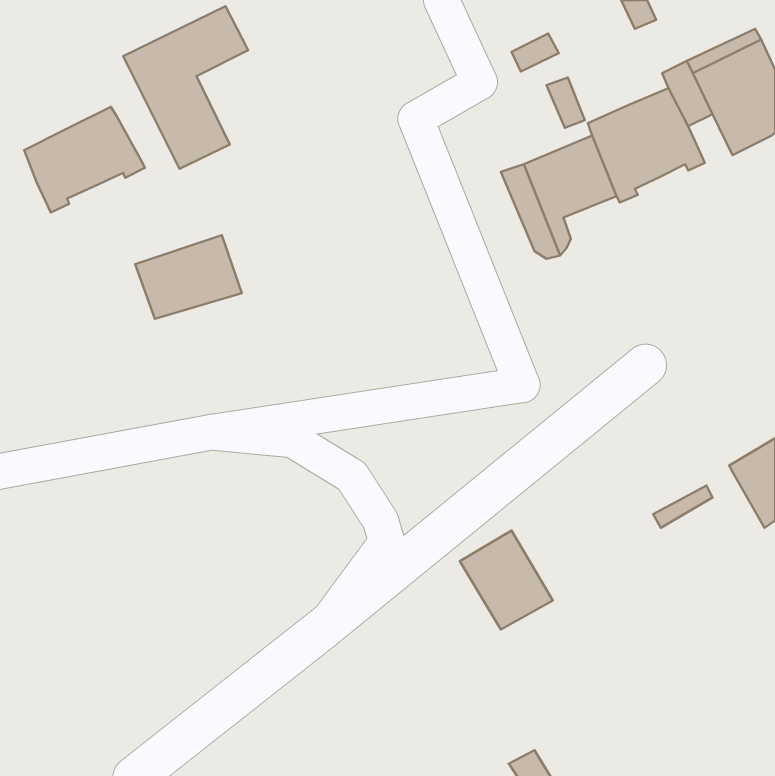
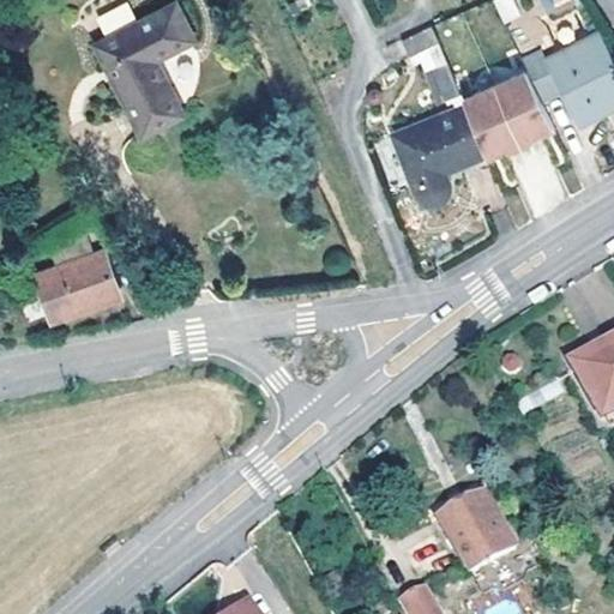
building: [24,107,145,213] -> none
building: [135,235,242,319] -> [36,252,120,318]
building: [460,531,553,630] -> [439,496,512,574]

